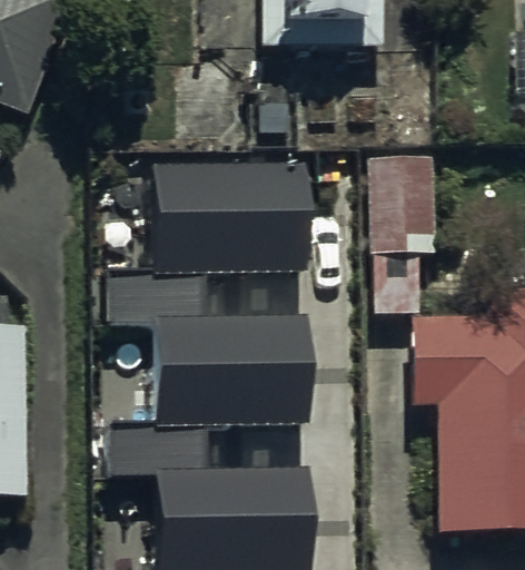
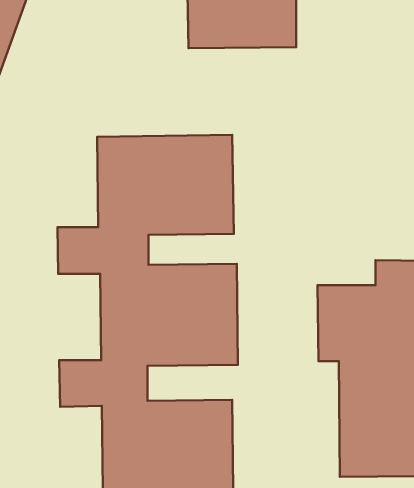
building: [368,169,430,318] -> none

